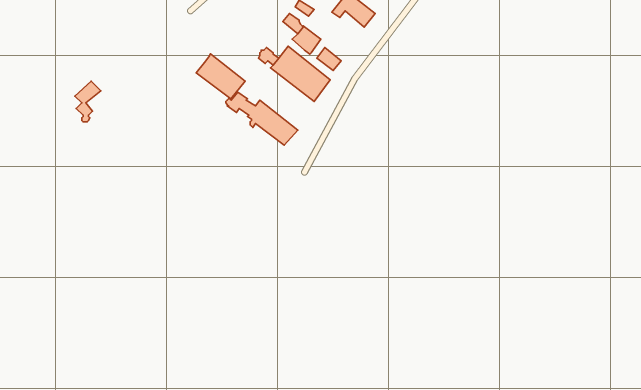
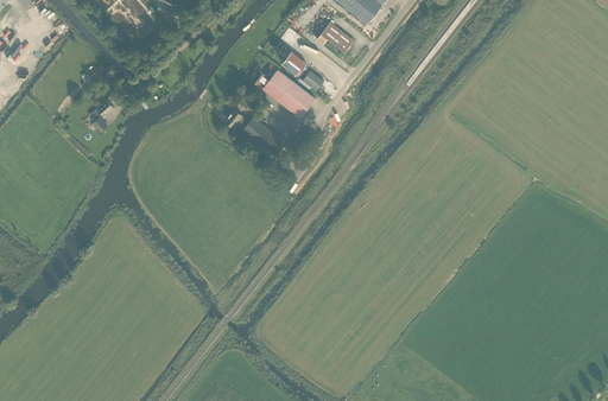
building: [196,54,245,99] -> none

